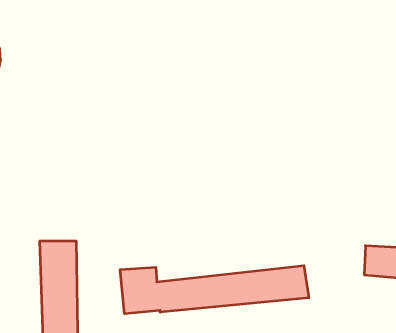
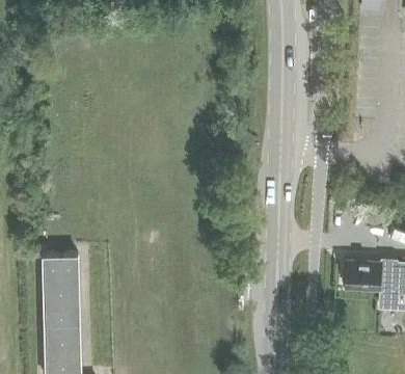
building: [120,266,309,314] -> none

